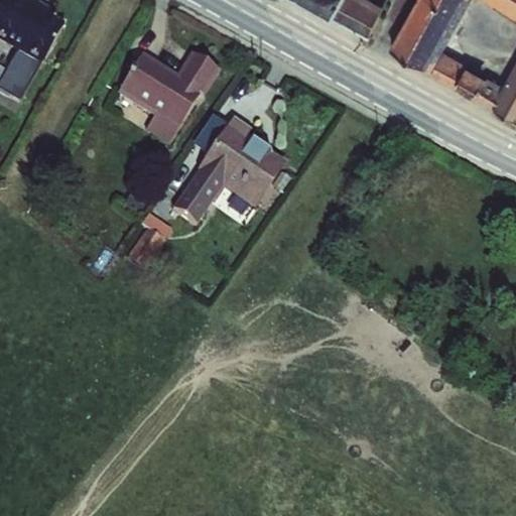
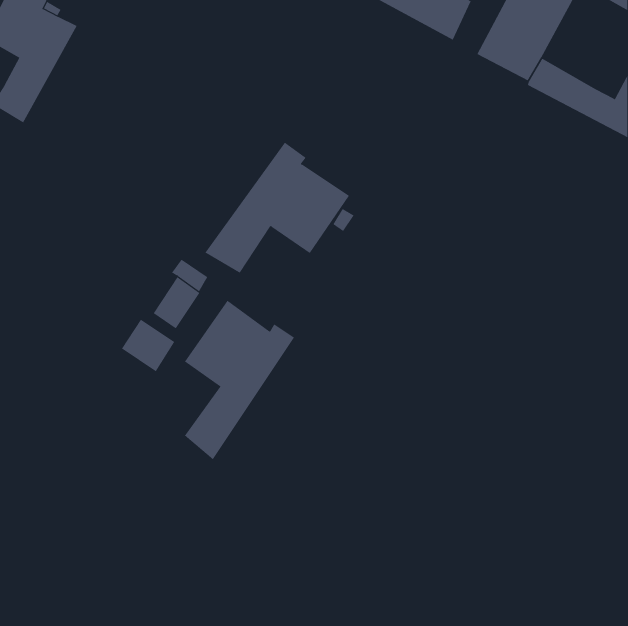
building: [117,49,220,144] -> none
building: none -> [184,300,295,460]
building: none -> [121,319,176,372]

